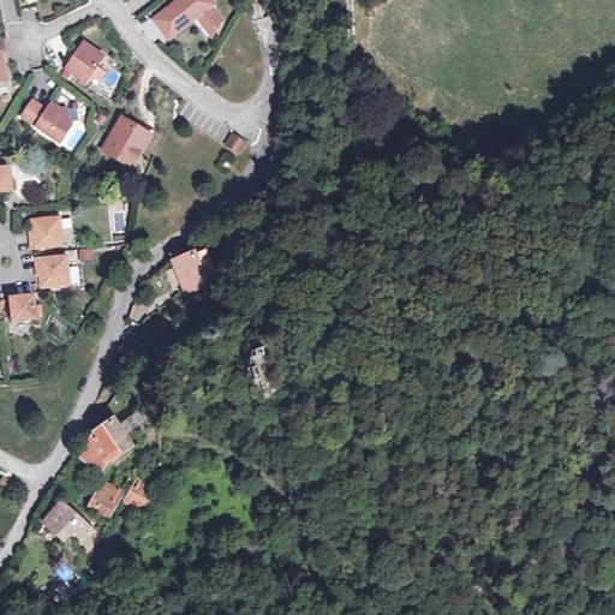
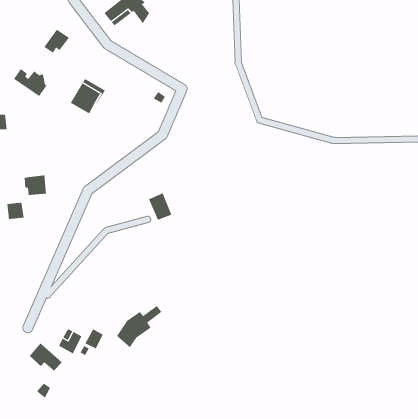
building: [29,216,61,246] -> none
building: [172,251,207,292] -> [148,193,172,220]
building: [76,411,143,473] -> [116,305,162,348]

